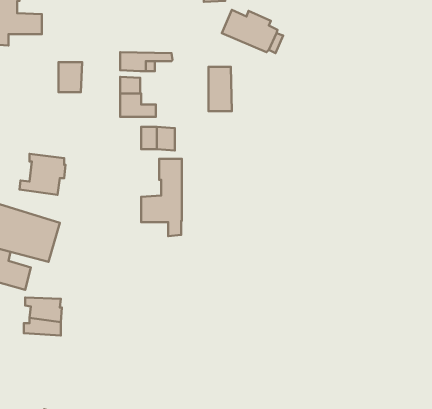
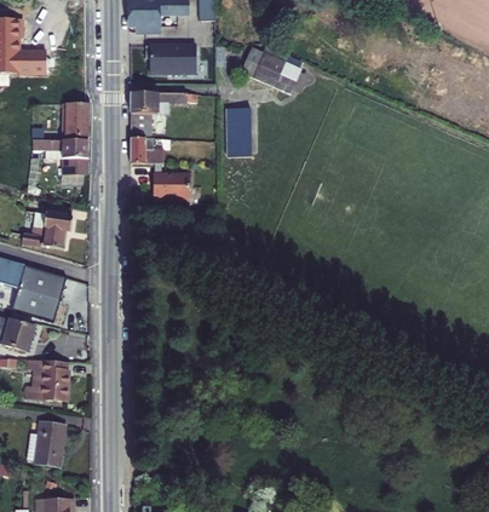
building: none -> [145,42,196,73]
building: none -> [31,139,88,176]
building: [141,159,182,236] -> none
building: none -> [27,421,63,465]

